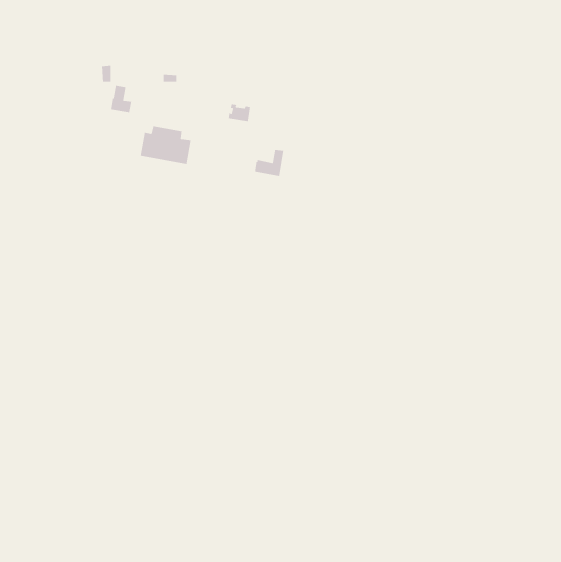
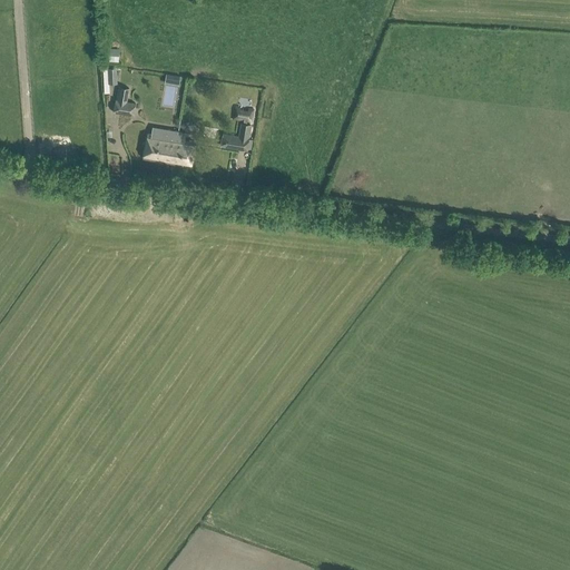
building: [255,149,284,177] -> [219,122,249,150]

